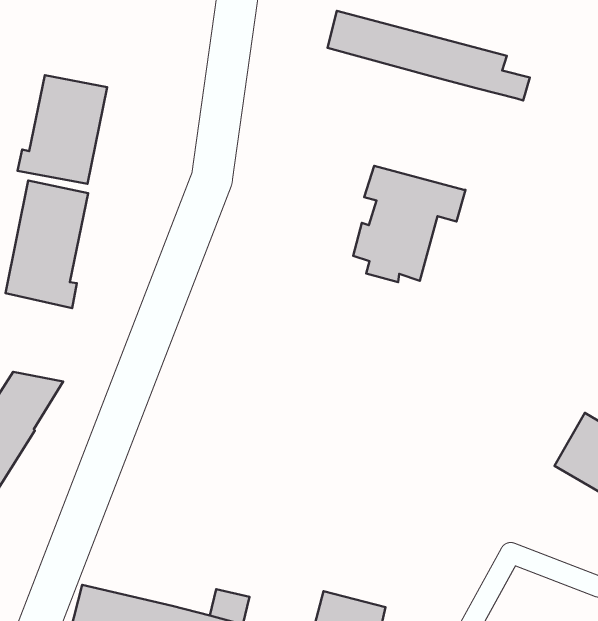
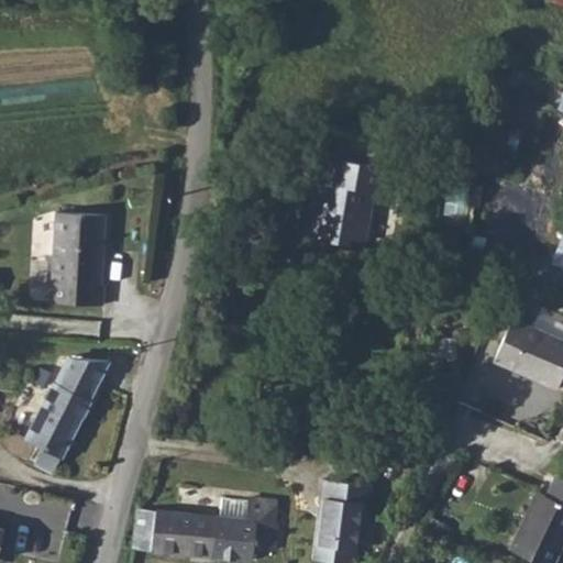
building: [328,11,530,101] -> none
building: [18,75,107,184] -> none

